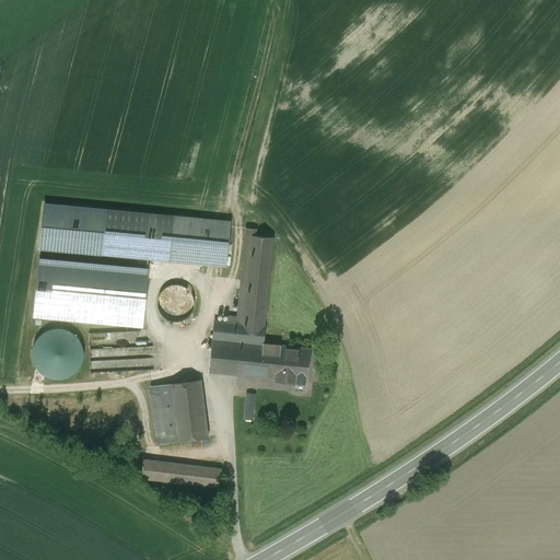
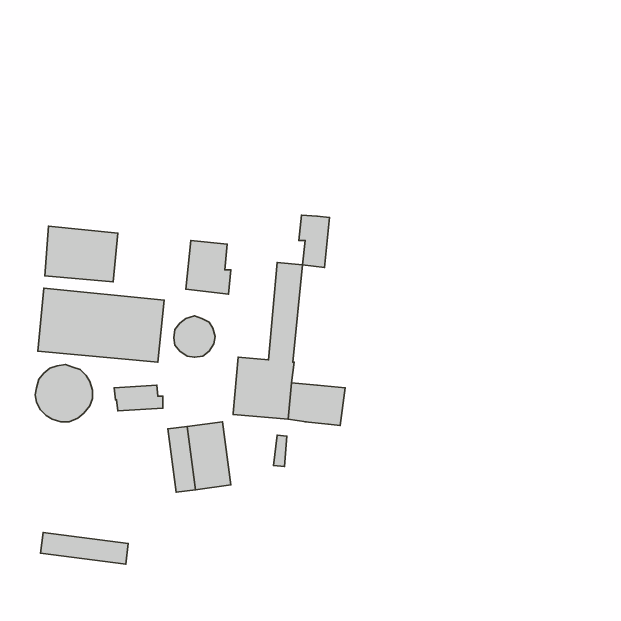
building: [102,210,172,260] -> none
building: [202,220,230,267] -> [299,215,329,267]
building: [141,459,220,488] -> [41,532,128,564]

